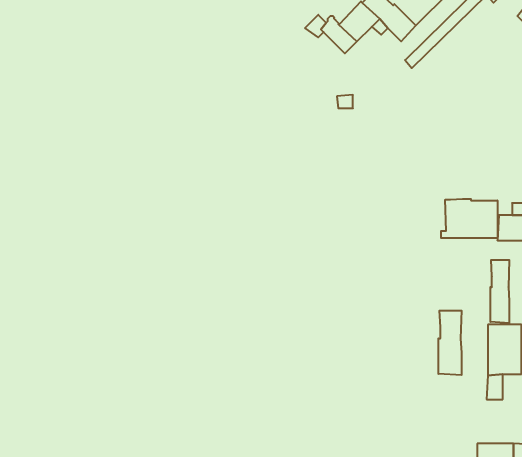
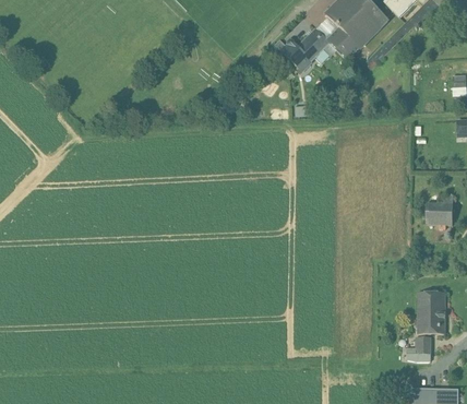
building: [441,199,497,238] -> none
building: [490,260,509,323] -> none
building: [438,311,462,375] -> none

